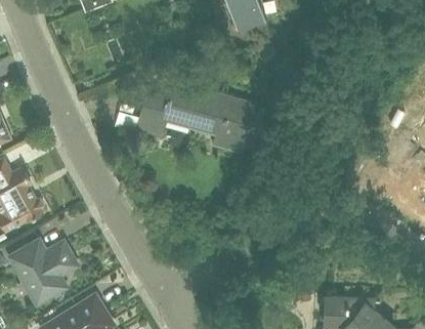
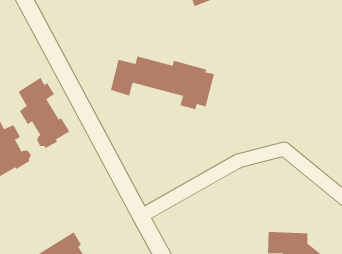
building: none -> [18,75,70,149]
building: [10,241,77,303] -> none

